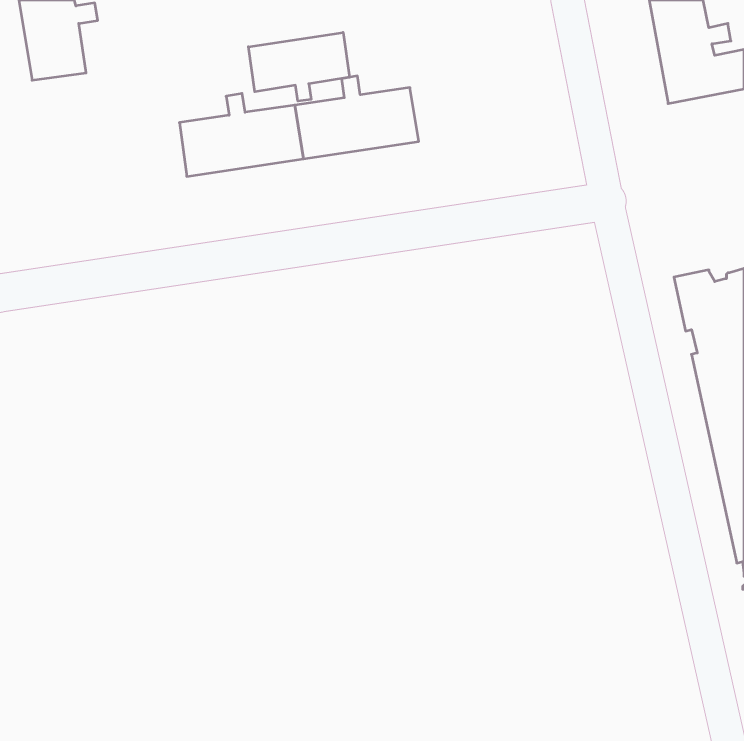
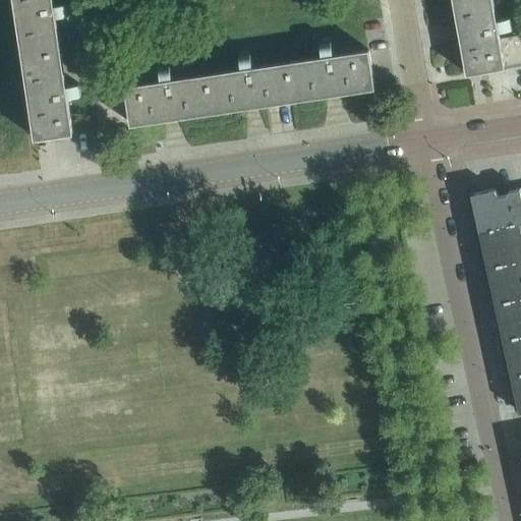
building: [248,32,349,101] -> none
building: none -> [286,44,373,102]
building: none -> [22,54,80,140]

